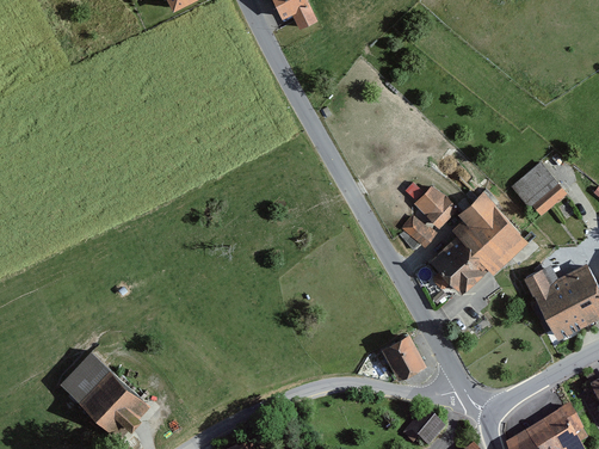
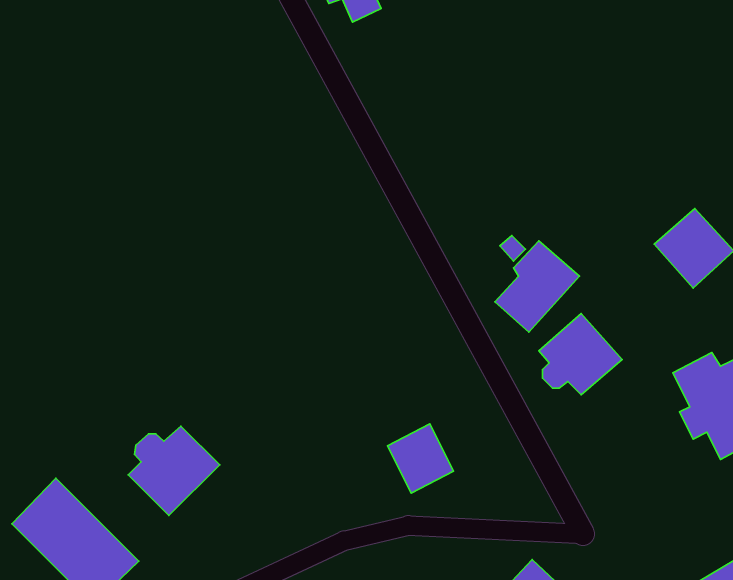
building: [456,189,530,273] -> none
building: none -> [128,426,220,515]
building: [379,331,426,380] -> [387,424,454,493]

